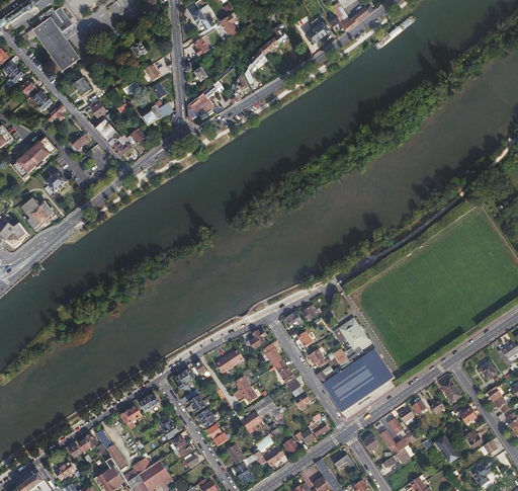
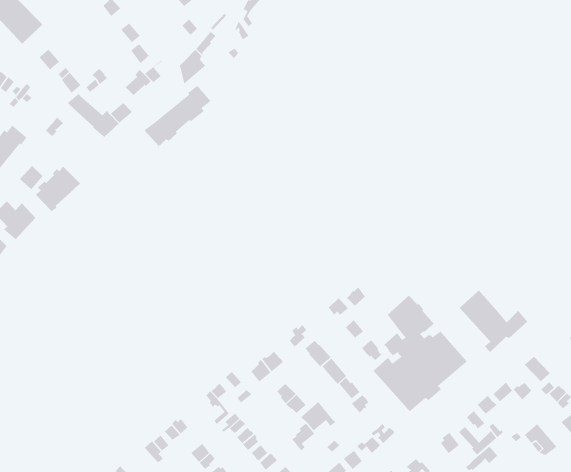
building: none -> [143,85,212,147]
building: none -> [35,166,81,212]
building: none -> [459,289,528,353]

